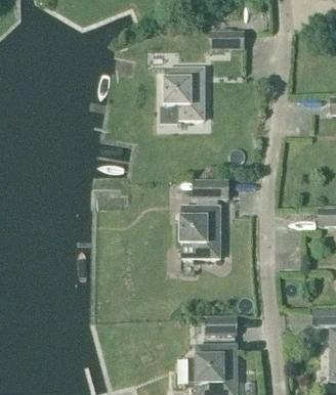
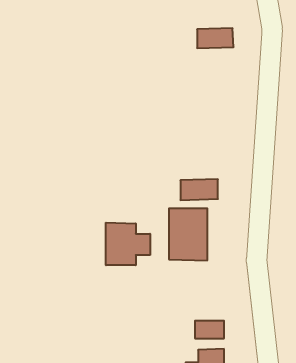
building: [165,69,203,120] -> none
building: none -> [106,223,150,265]

